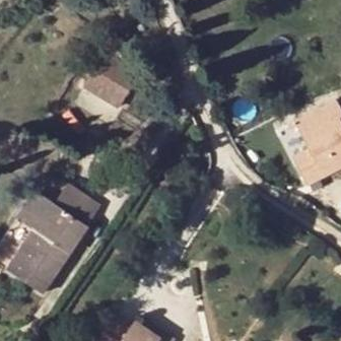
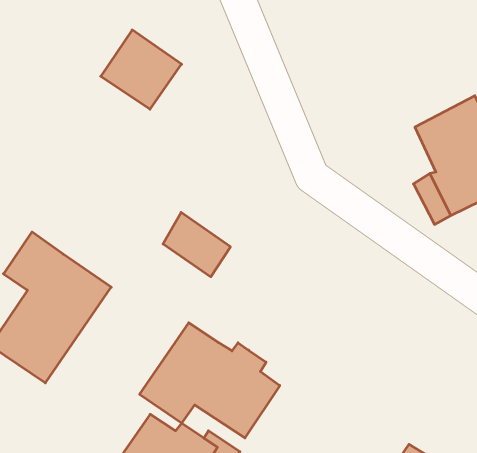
building: [55,184,100,227] -> [163,212,230,277]
building: none -> [140,323,280,438]

